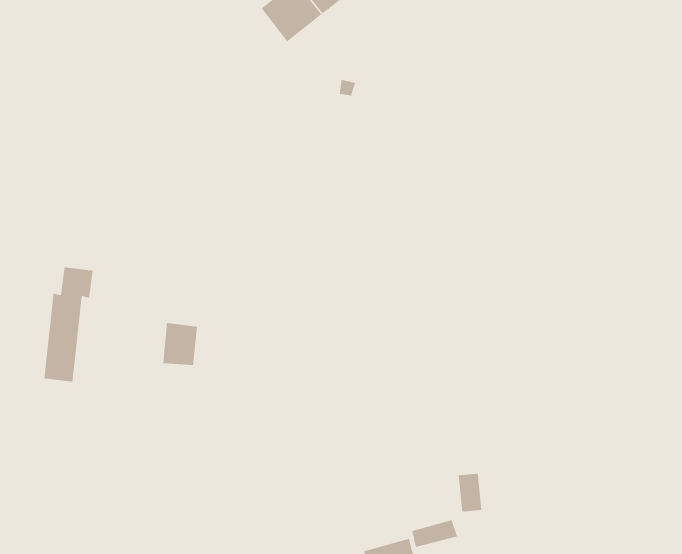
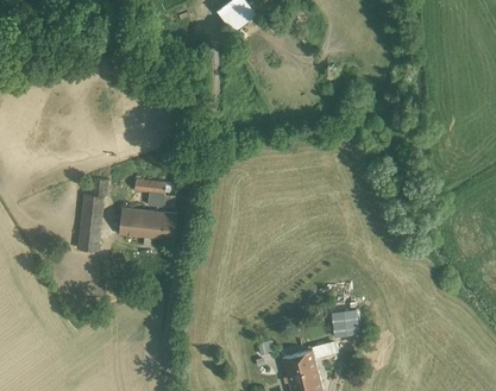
building: none -> [134,179,175,209]
building: none -> [118,209,156,239]

